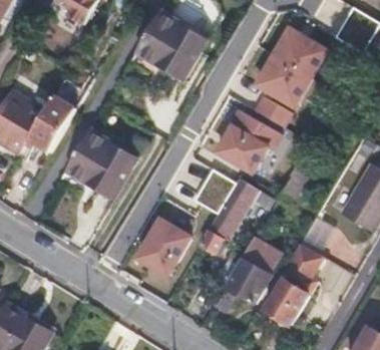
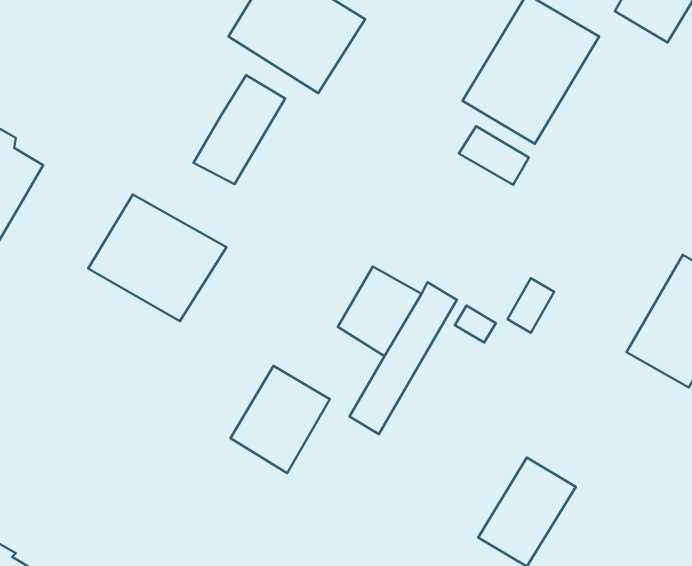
building: [27,95,74,151] -> [193,75,285,184]
building: [217,109,280,167] -> none
building: [227,238,282,303] -> none
building: [287,242,329,279] -> none

